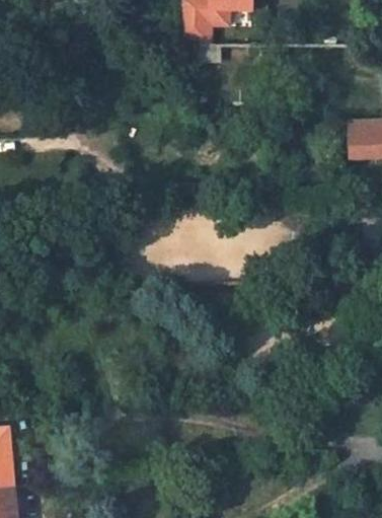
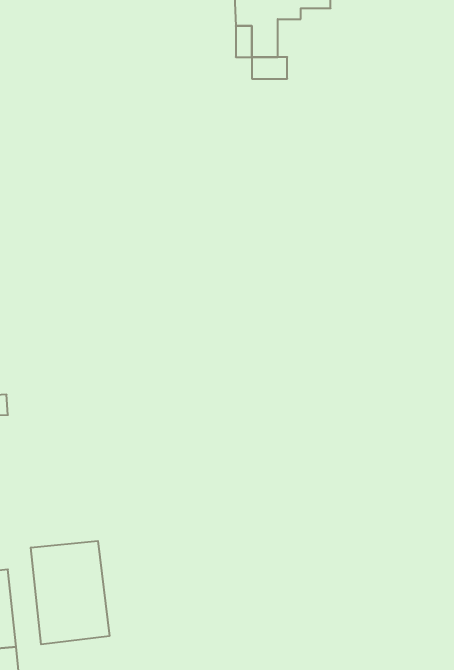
building: none -> [31,541,109,644]

